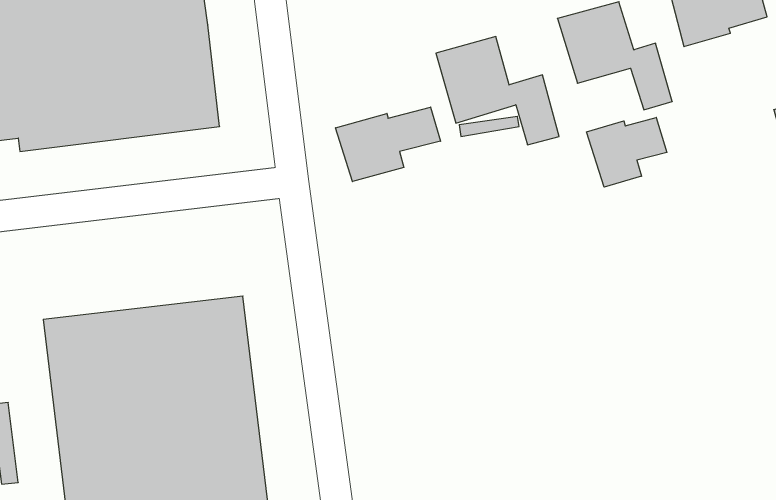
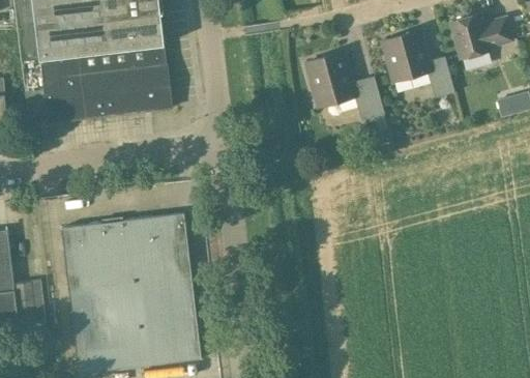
building: [336,107,441,182] -> none
building: [587,117,667,187] -> none

